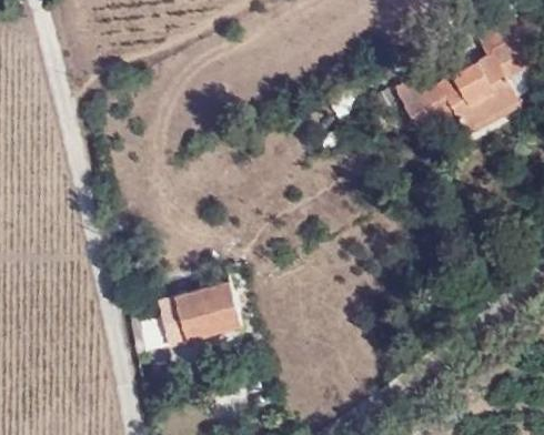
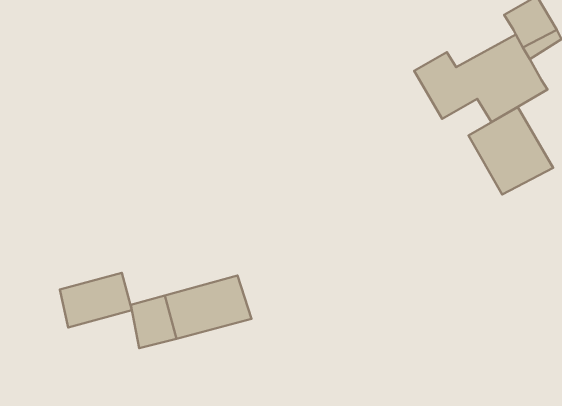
building: none -> [469,107,553,195]
building: none -> [60,273,132,327]

